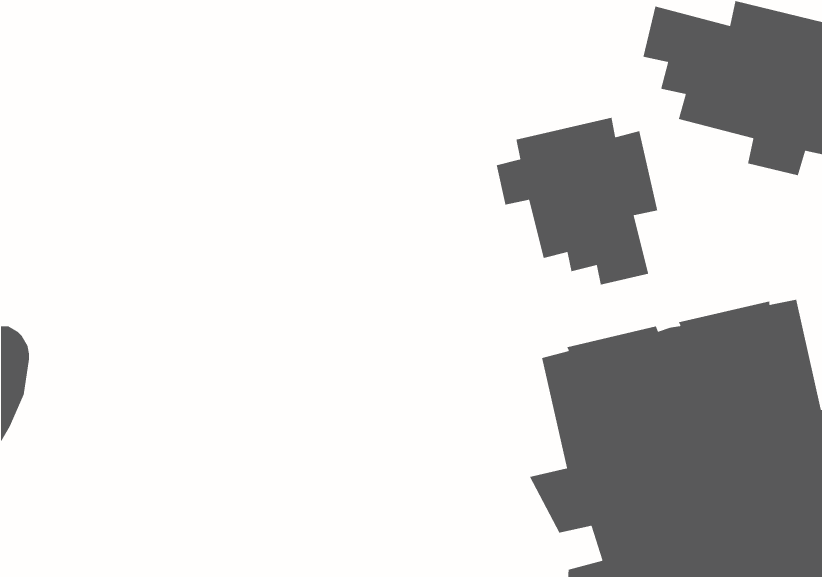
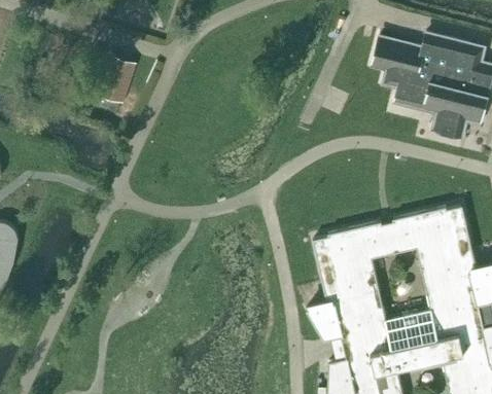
building: none -> [102,57,137,104]
building: [496,117,658,285] -> none

